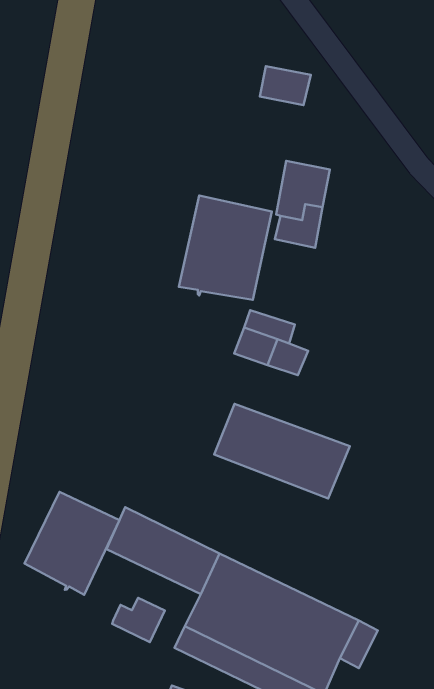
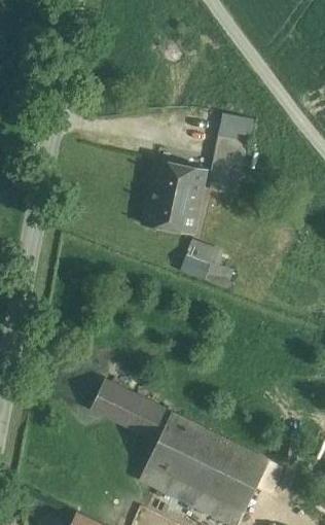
building: [260,66,311,105] -> [217,112,253,140]
building: [214,404,350,498] -> none
building: [25,492,119,595] -> none
building: [112,598,165,642] -> none

